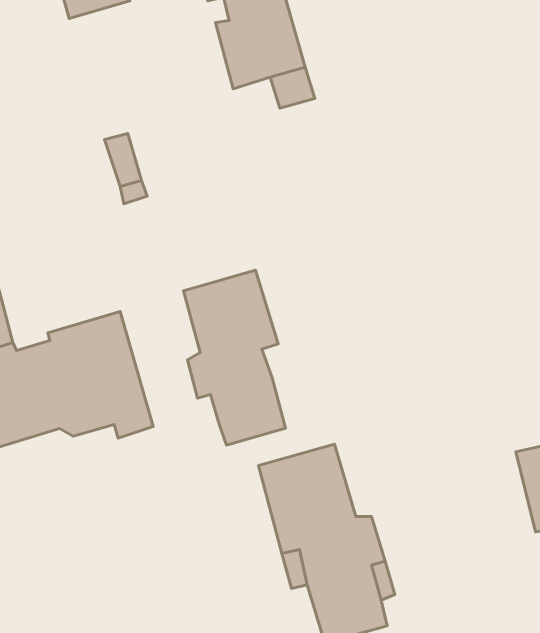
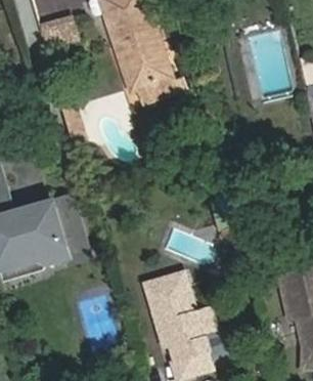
building: [183,270,286,445] -> none

